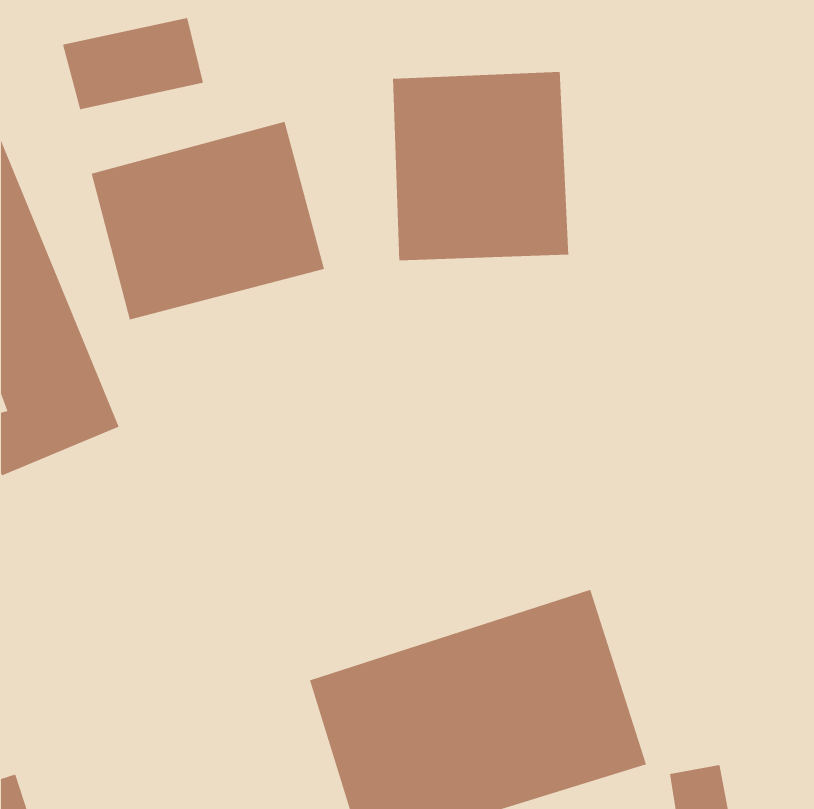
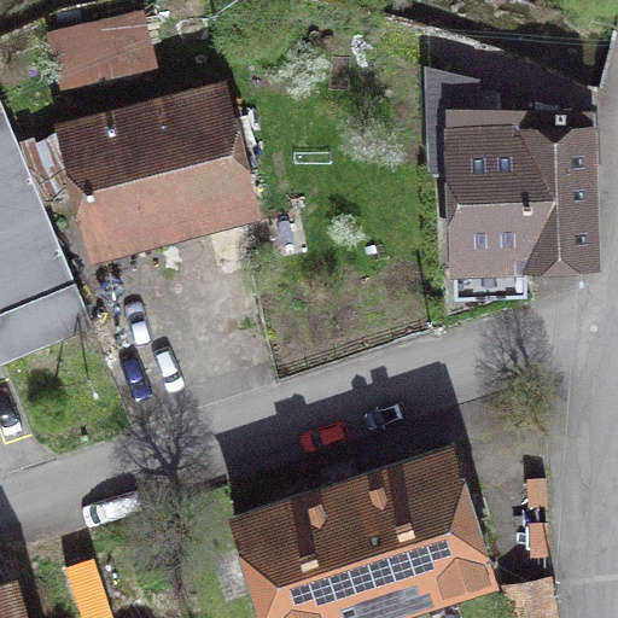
building: [393,71,569,261] -> none
building: none -> [428,71,595,270]

